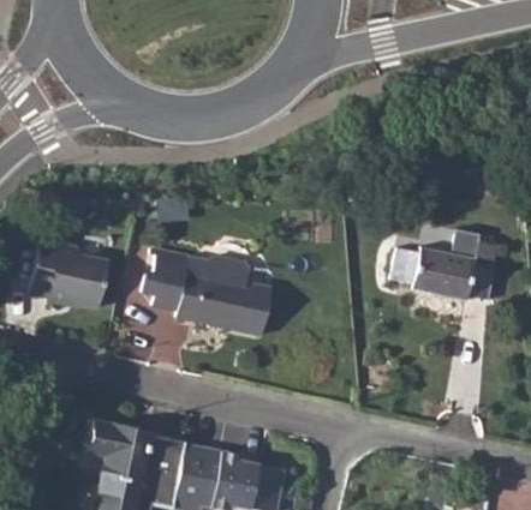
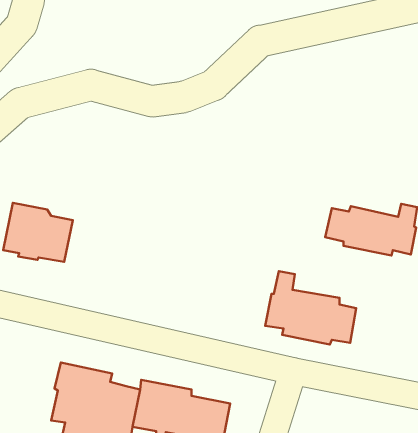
building: [142,250,273,336] -> none
building: none -> [265,271,356,345]

